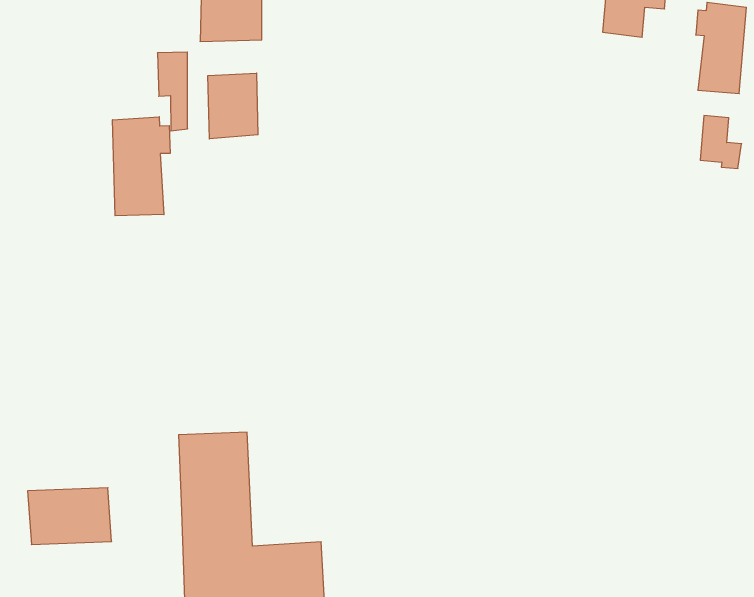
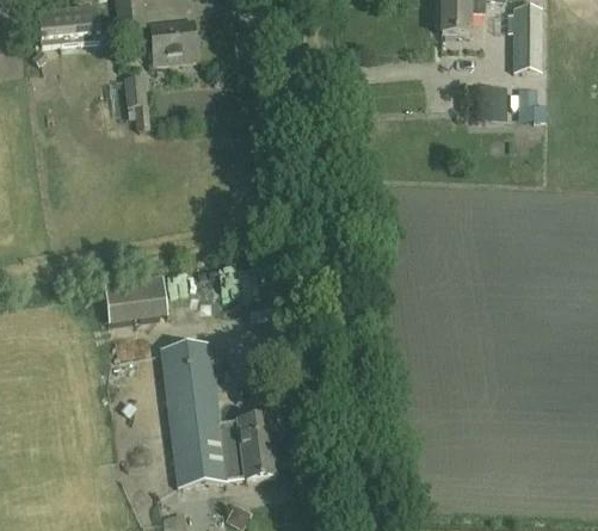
building: [208,73,258,139] -> none
building: [113,117,170,216] -> none
building: [28,488,112,545] -> [104,282,167,327]

